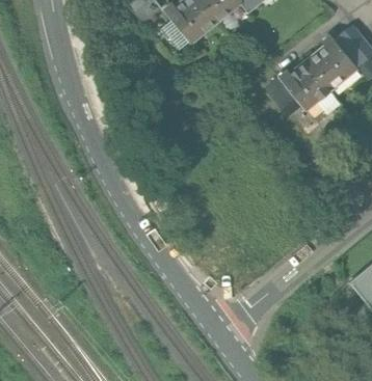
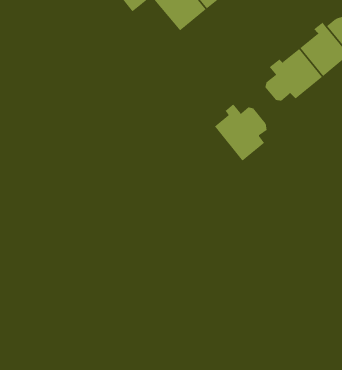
building: none -> [214,103,267,161]

